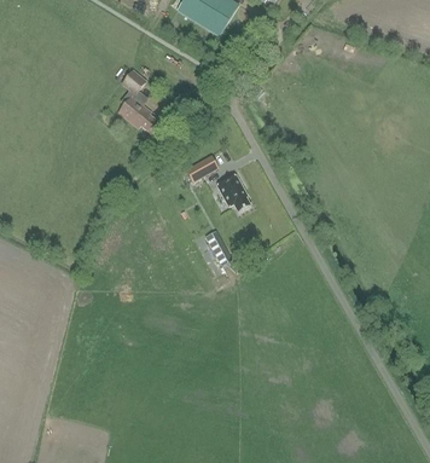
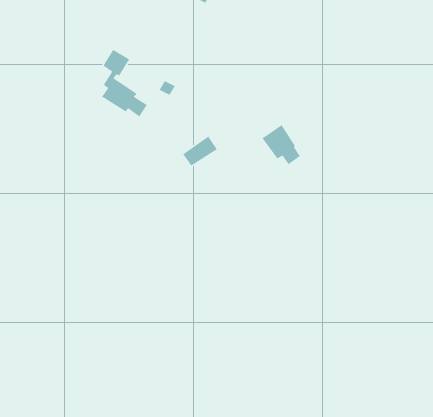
building: [217,174,251,212] -> [262,124,301,165]

